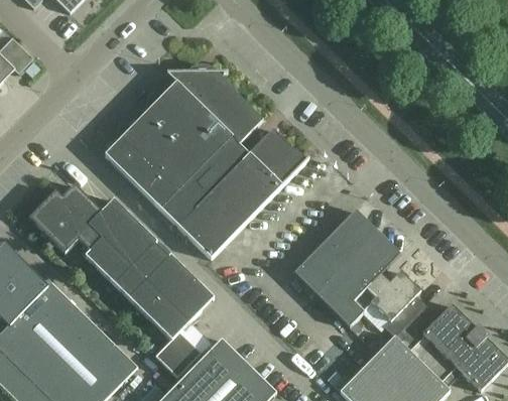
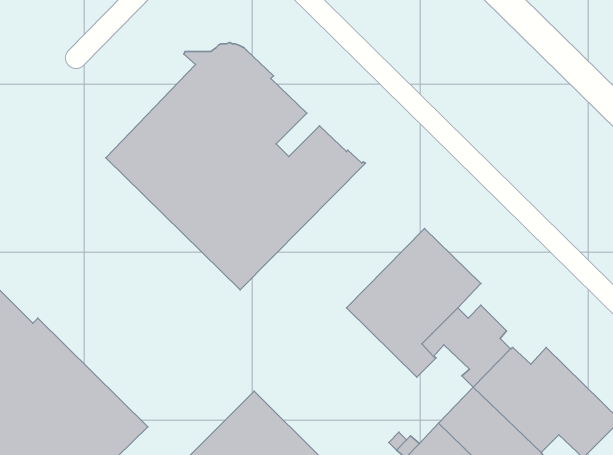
building: [28,185,214,378] -> none

